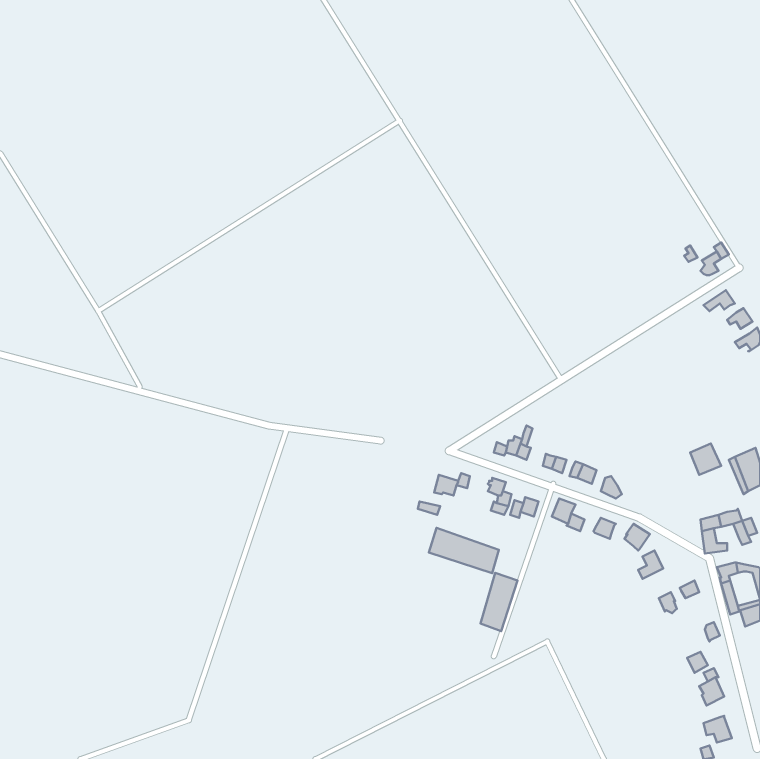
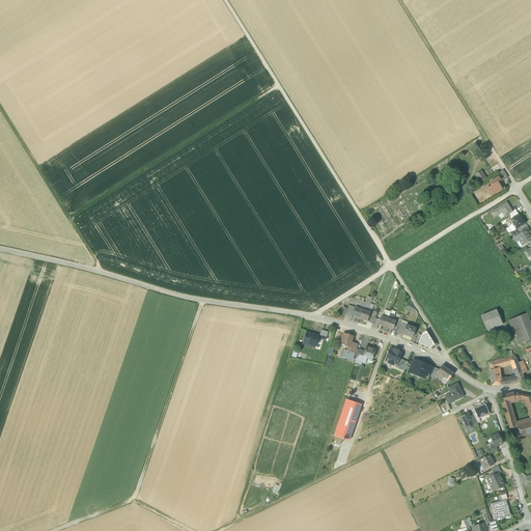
building: [429,528,499,573] -> none

